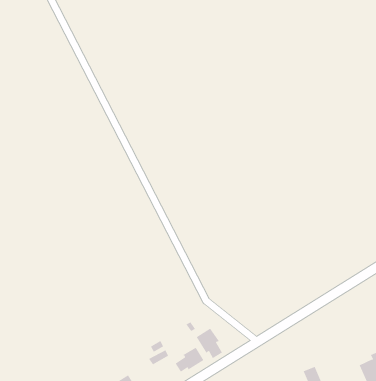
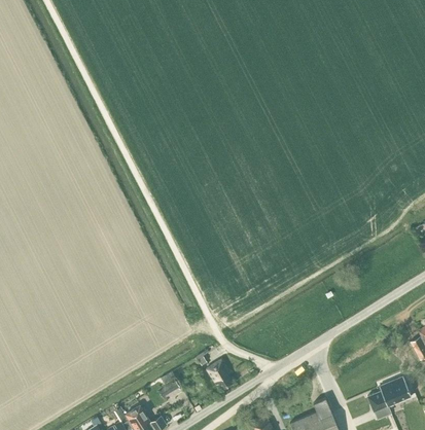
building: [175,347,204,373] -> none

